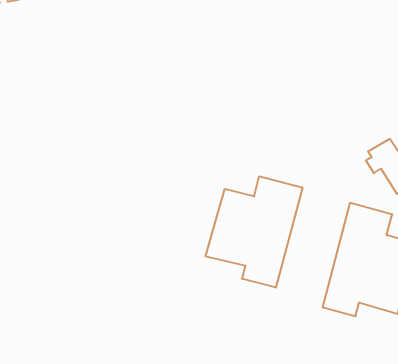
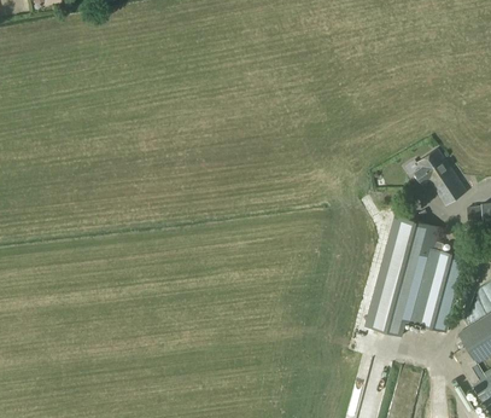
building: [206,176,302,288] -> none

